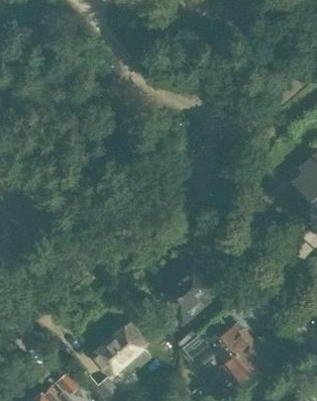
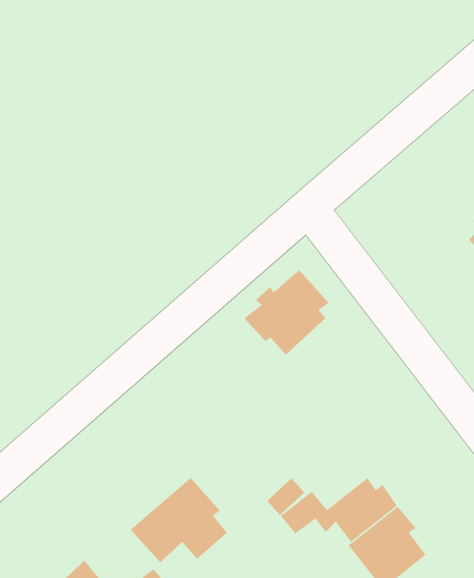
building: [160,269,211,320] -> [244,269,330,355]

